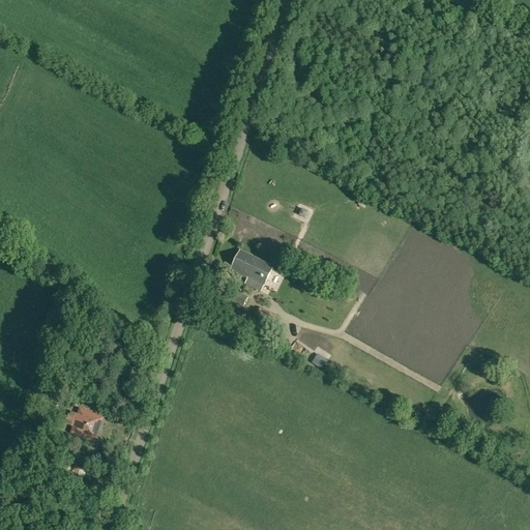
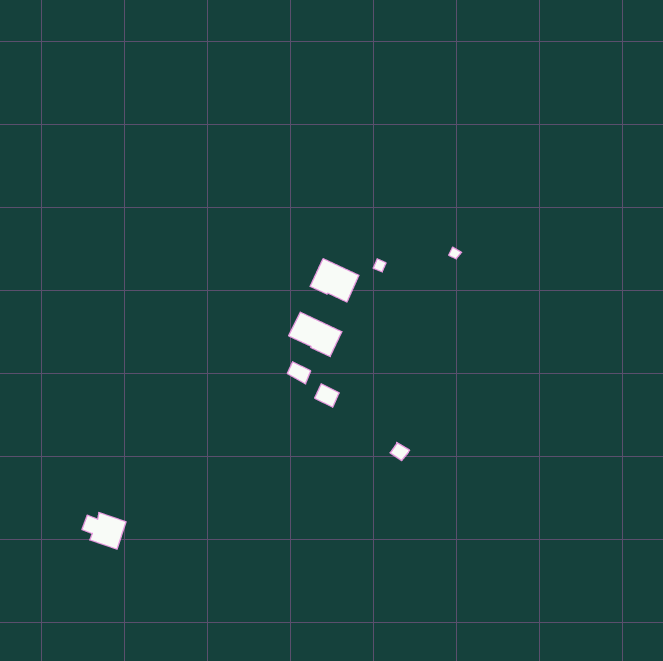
building: none -> [310,259,359,302]

